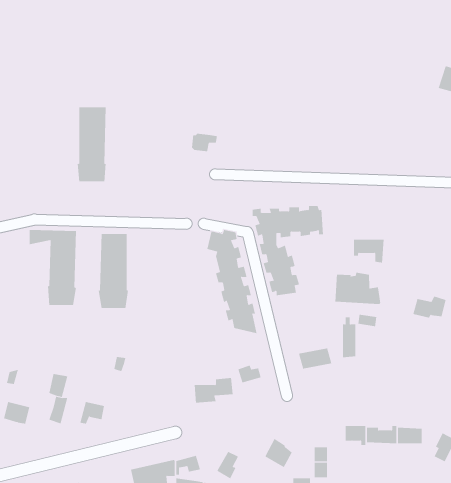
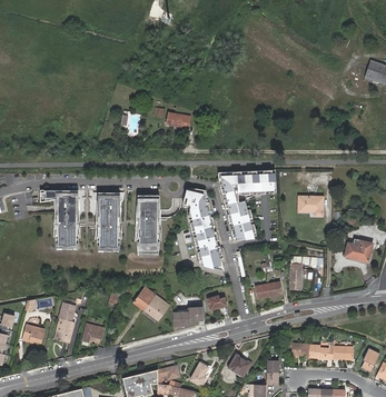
building: [77,107,107,182] -> [137,195,160,254]
building: [335,272,381,305] -> none
building: none -> [132,288,168,320]

